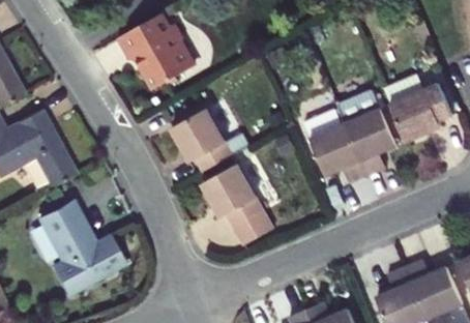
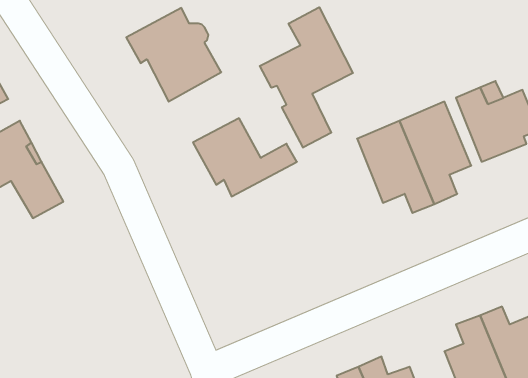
building: none -> [260,7,353,148]
building: [205,163,275,243] -> none
building: [36,198,124,293] -> none

